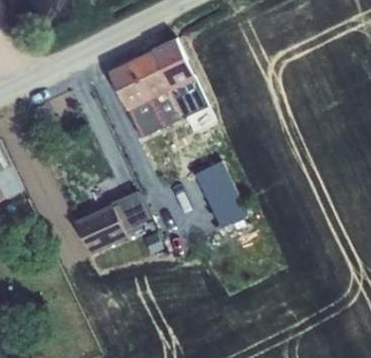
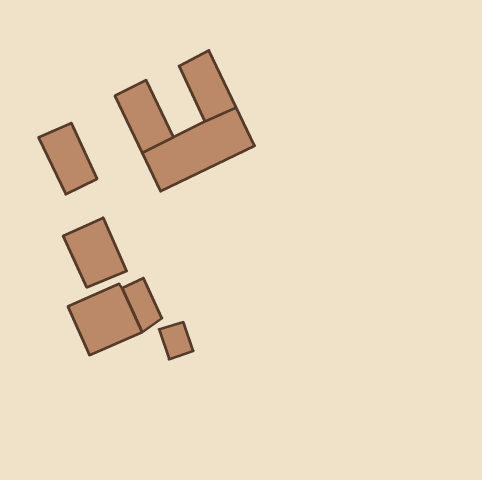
building: [131,49,172,100] -> [39,123,97,194]
building: none -> [63,218,127,287]
building: [194,160,248,227] -> none

